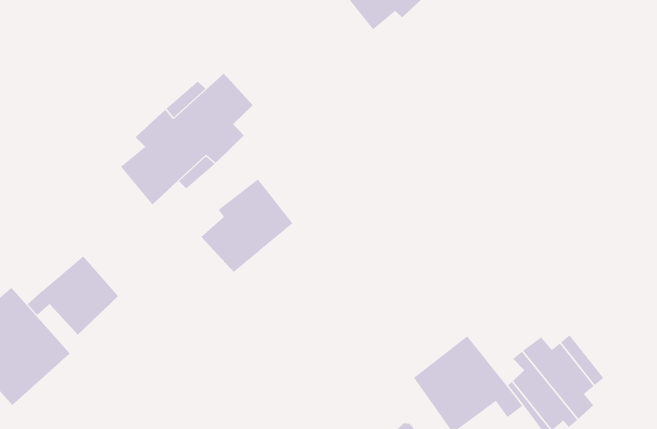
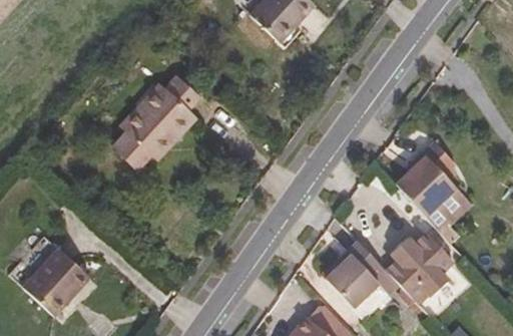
building: [201,179,293,273] -> none
building: none -> [397,140,471,231]
building: [27,255,119,335] -> none

